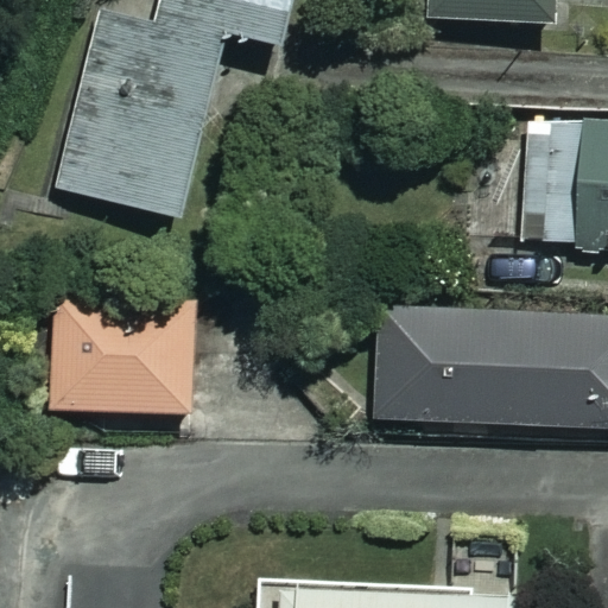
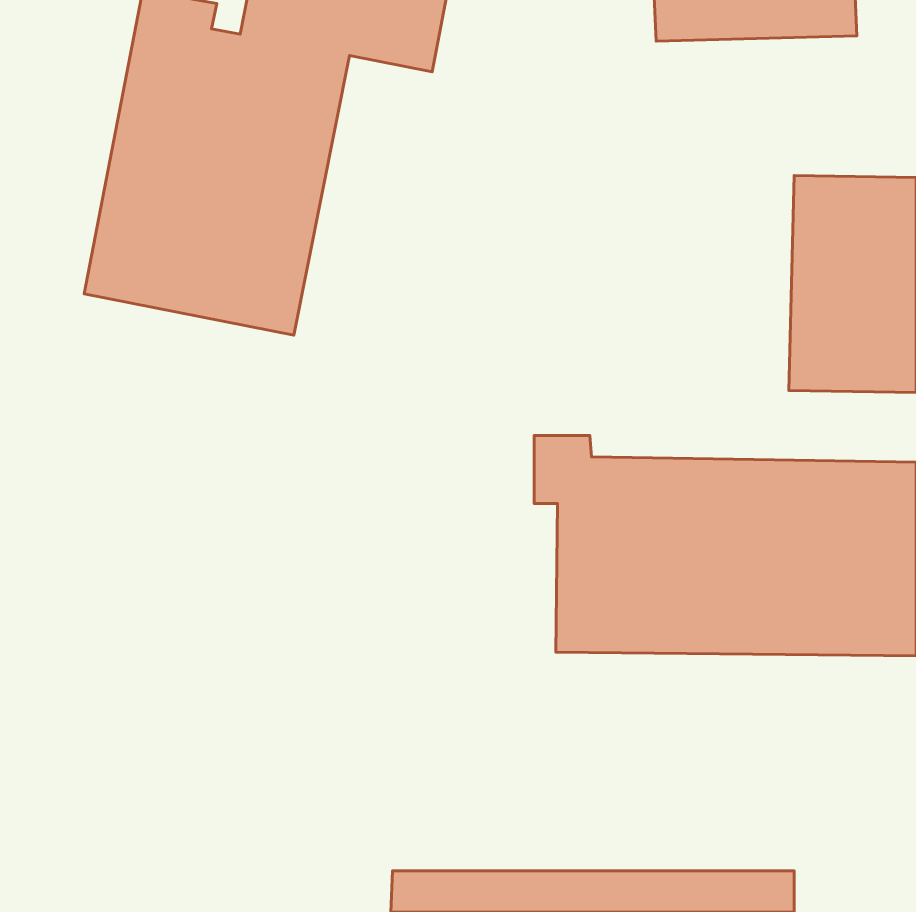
building: [56,300,197,414] -> none

